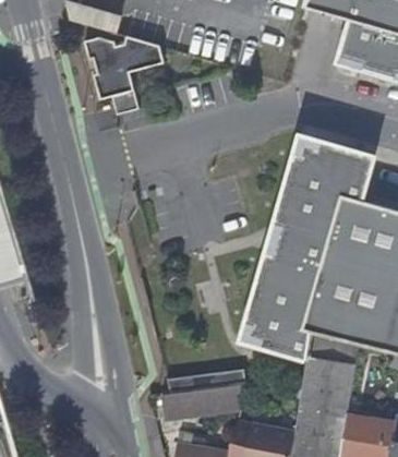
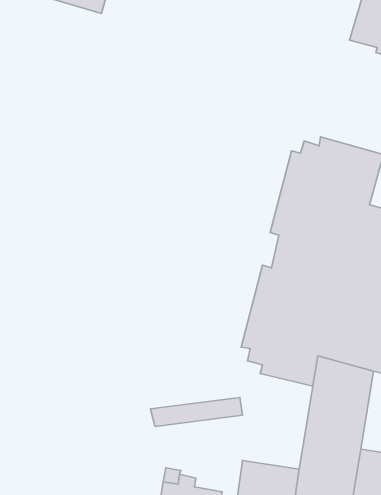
building: [86,38,169,116] -> none
building: [162,383,251,417] -> none

